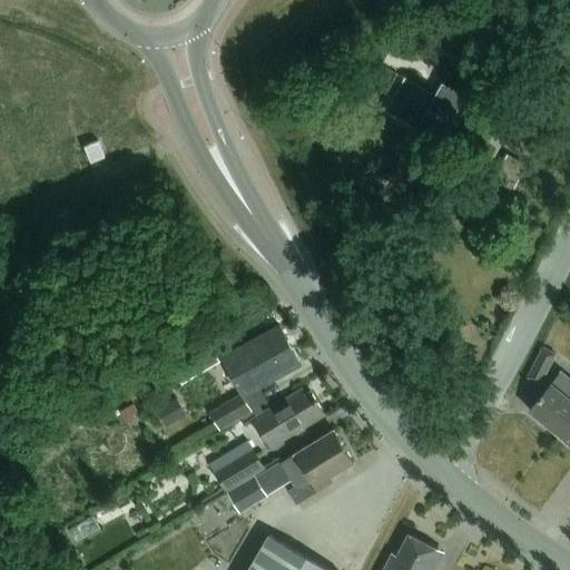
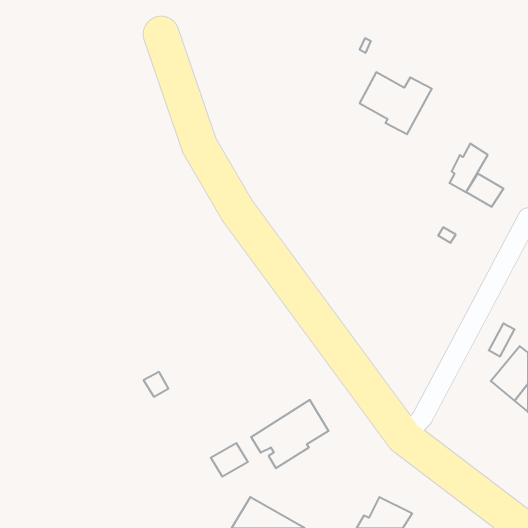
building: none -> [466,173,503,207]
building: [210,326,302,430] -> none
building: [252,391,322,450] -> none
building: [214,450,264,492] -> none

